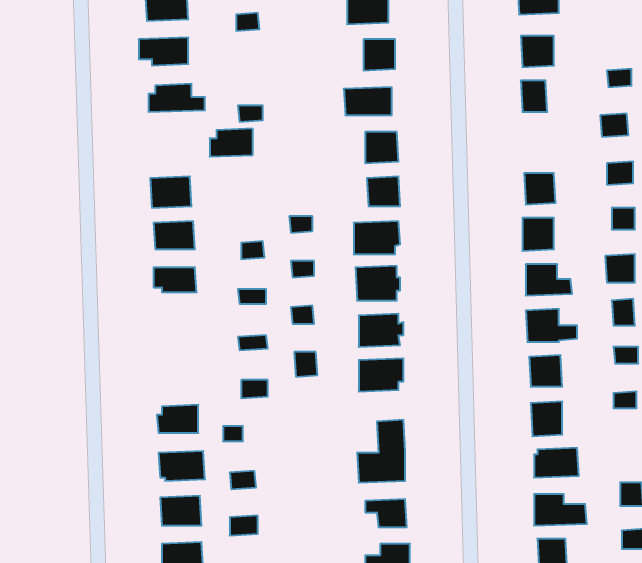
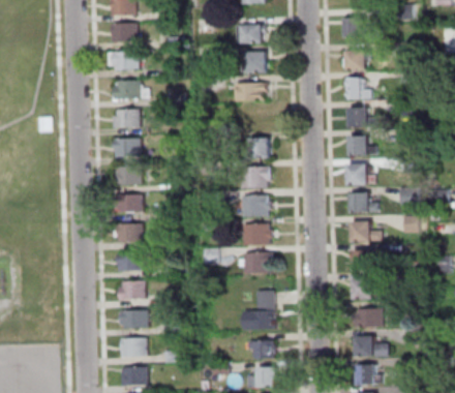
building: none -> [348,109,375,127]
building: [210,129,253,157] -> [112,110,139,127]
building: none -> [117,224,142,243]
building: none -> [117,252,144,271]

